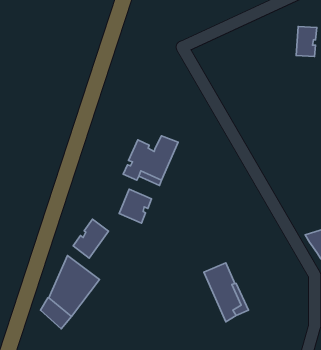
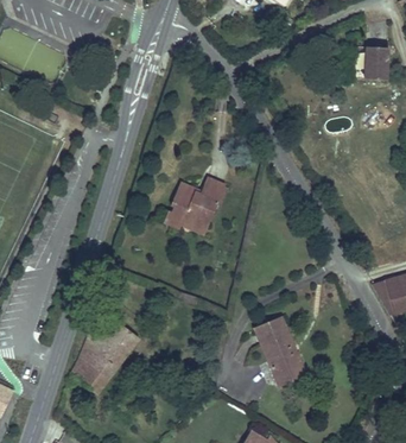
building: [119,189,151,223] -> none
building: [73,219,109,258] -> none

